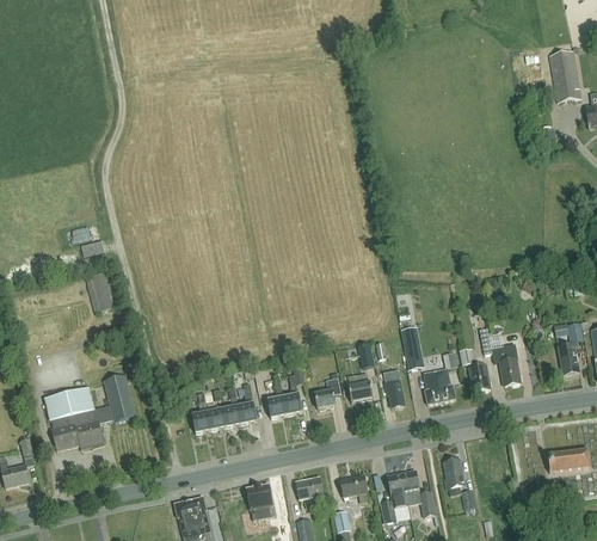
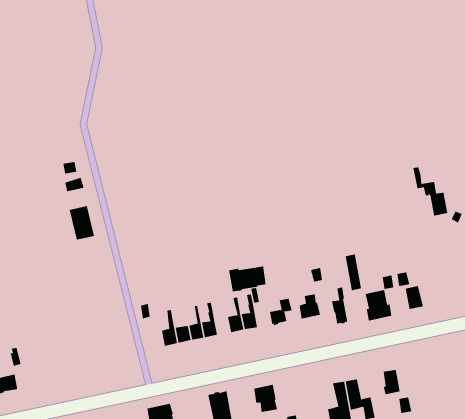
building: [480,328,521,385] -> [413,167,448,216]
building: none -> [229,265,266,292]
building: [44,374,136,449] -> none
building: [340,474,370,502] -> none

